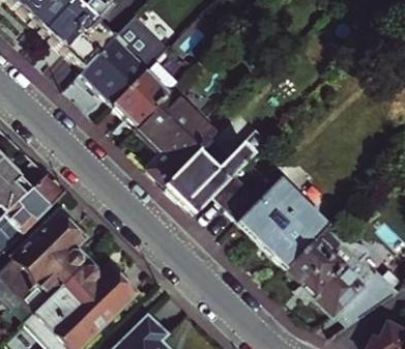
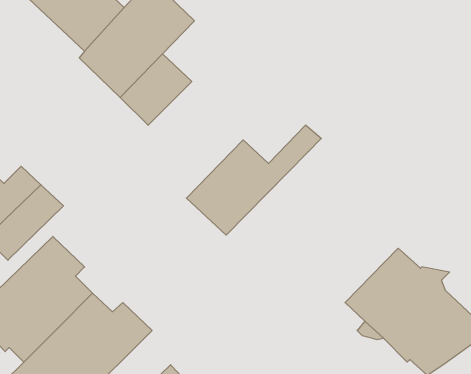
building: [133,91,214,186] -> none
building: [228,179,329,268] -> none

